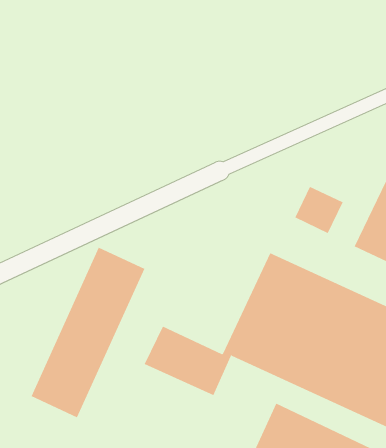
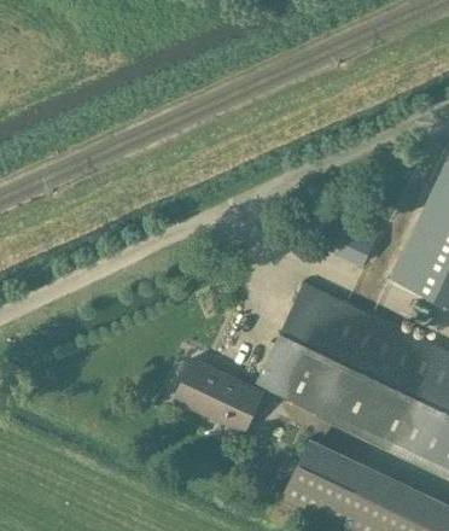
building: [31,247,145,418] -> none

